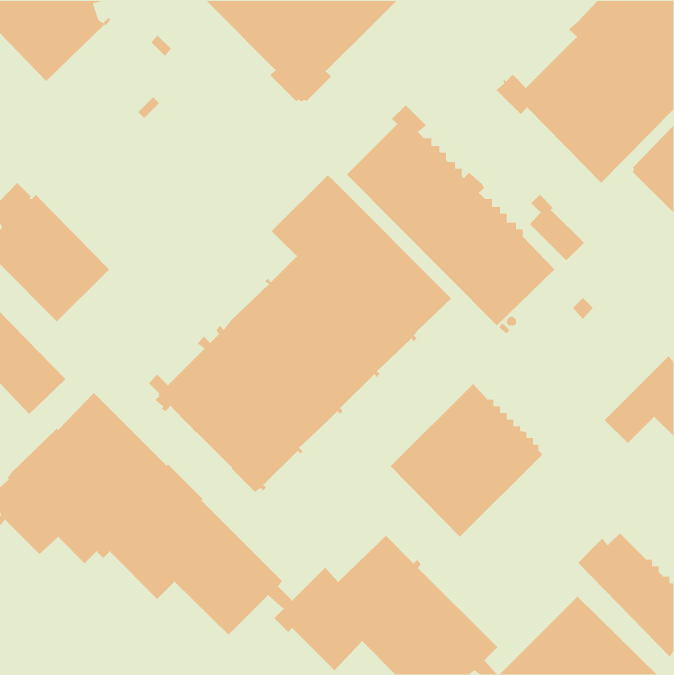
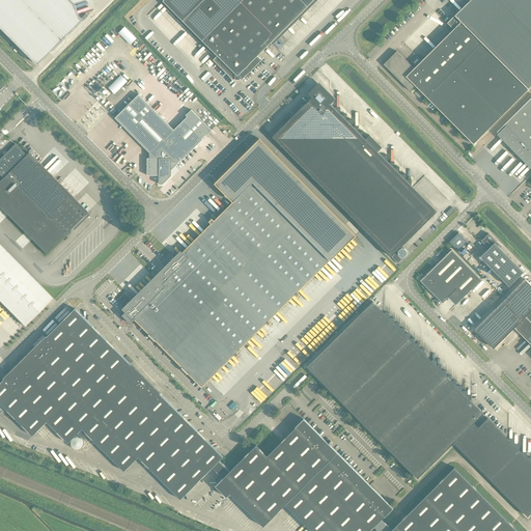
building: none -> [114,94,211,184]
building: [529,194,585,261] -> [479,233,523,286]
building: none -> [419,250,480,303]
building: none -> [361,357,482,478]

